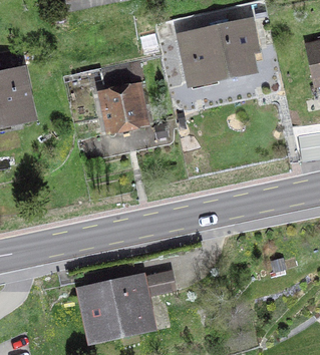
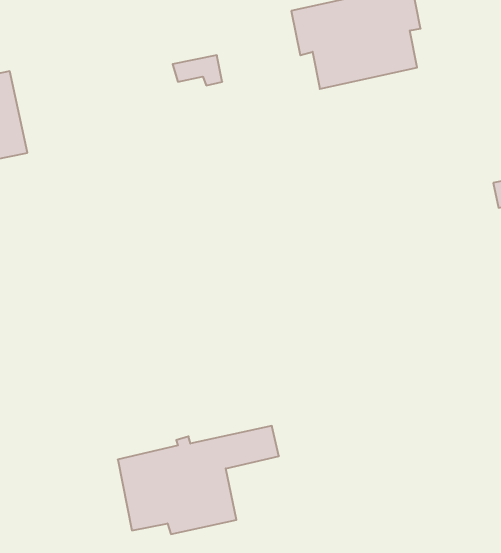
building: [100,84,145,132] -> none

